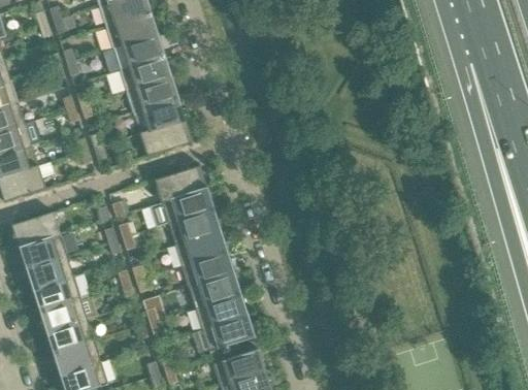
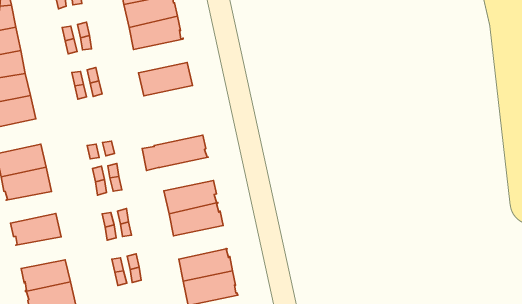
building: [132,98,185,134] -> none
building: [154,165,206,202] -> none
building: [168,208,221,245] -> none
building: [25,256,73,290] -> none
building: [188,272,240,308] -> none
building: [38,294,98,332] -> none

